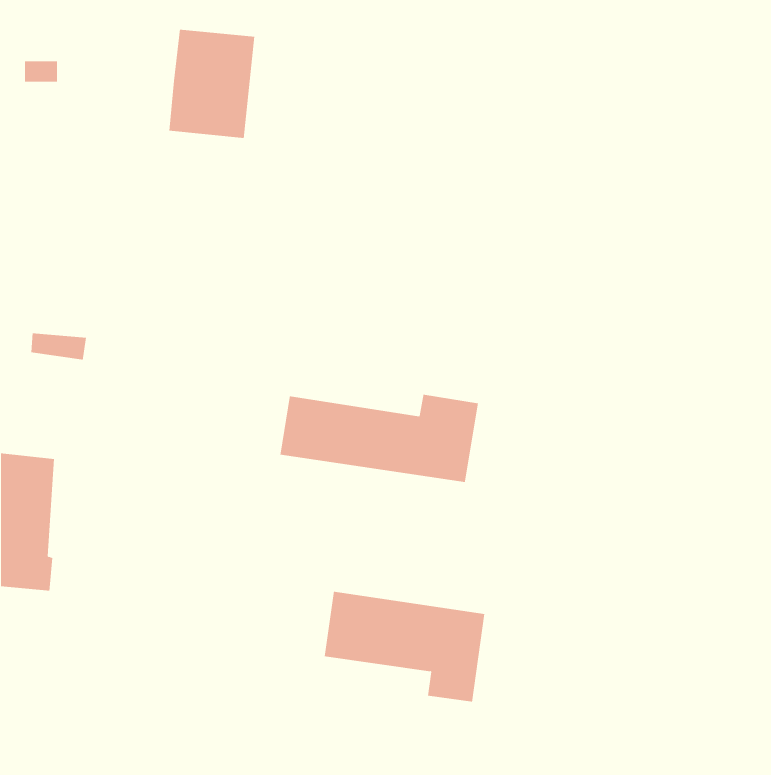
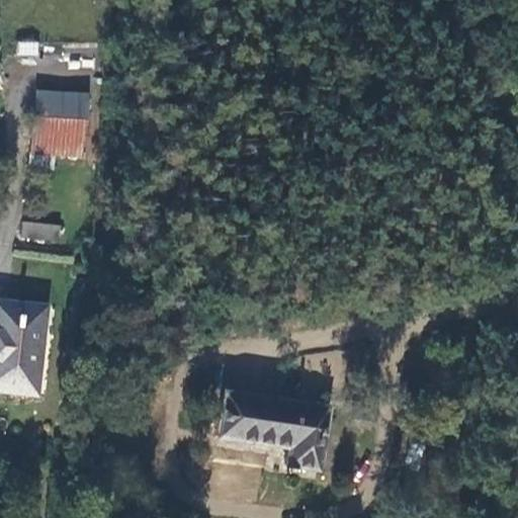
building: [169,29,255,138] -> [31,85,89,158]
building: [280,394,478,483] -> none

